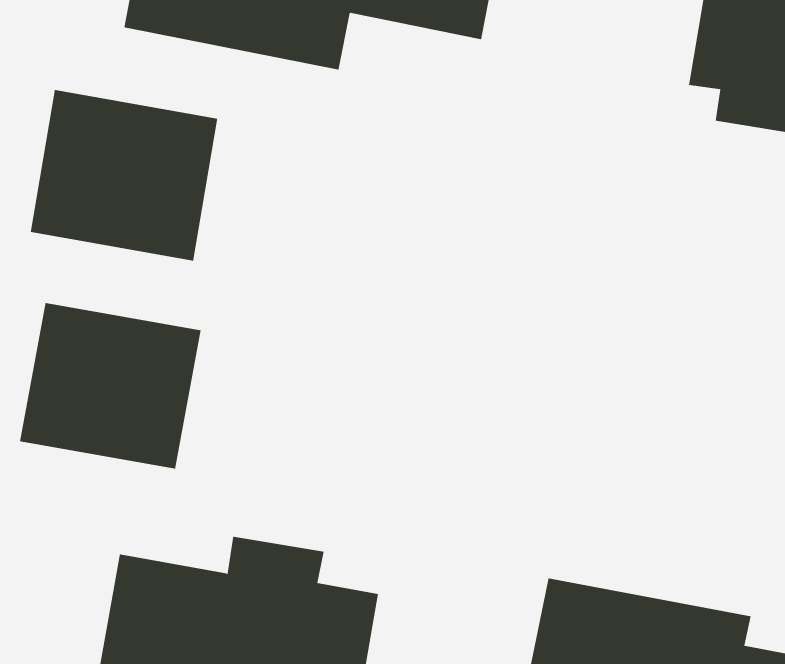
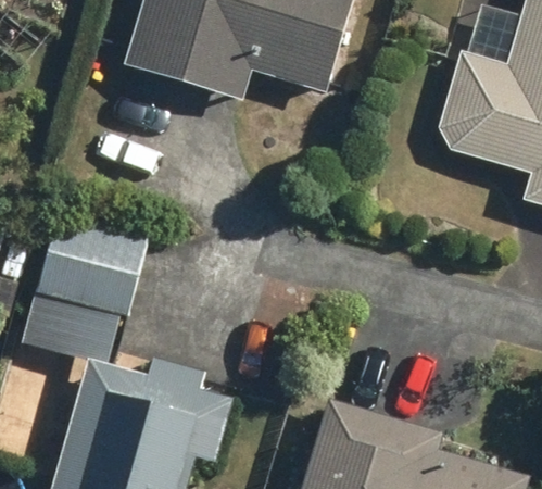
building: [30,89,218,261] -> none

